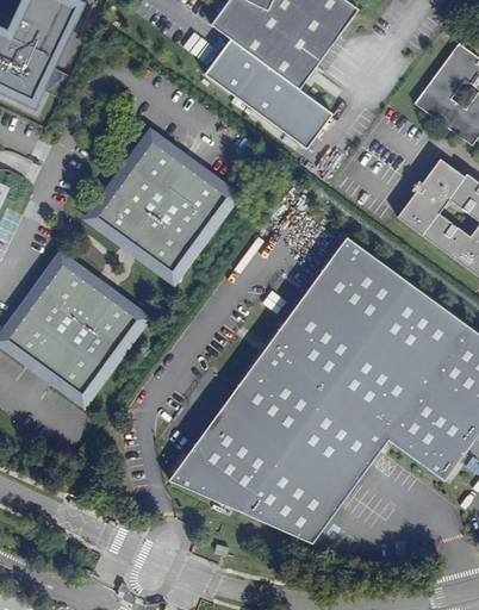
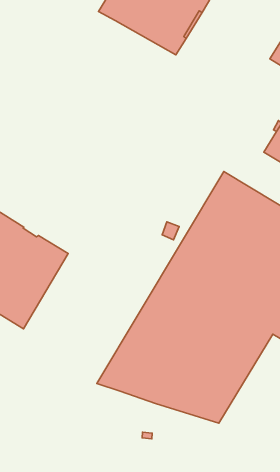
building: [206,38,332,144] -> none
building: [87,131,237,281] -> none

